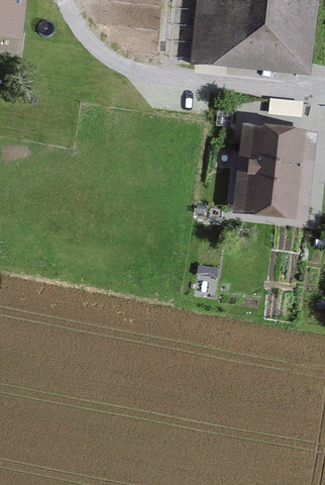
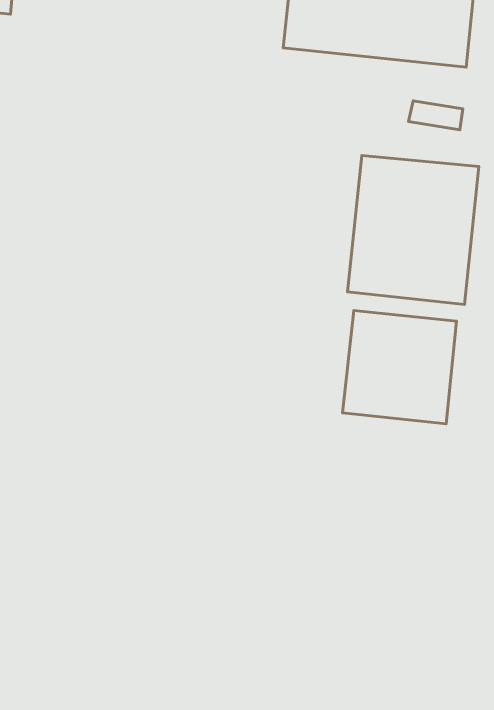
building: none -> [343,310,456,424]

